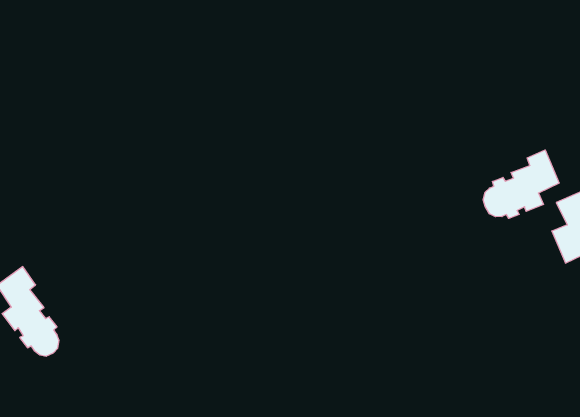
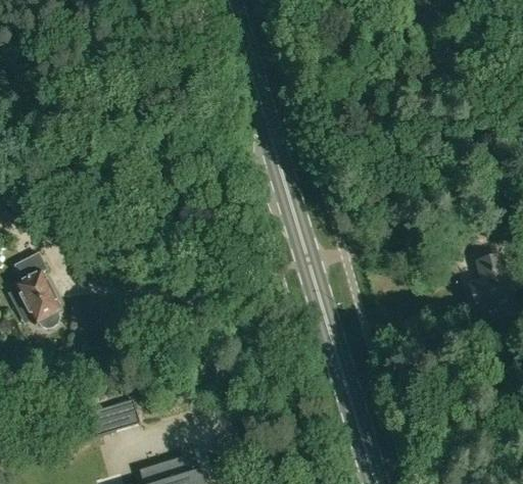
building: [483,150,559,218] -> none

